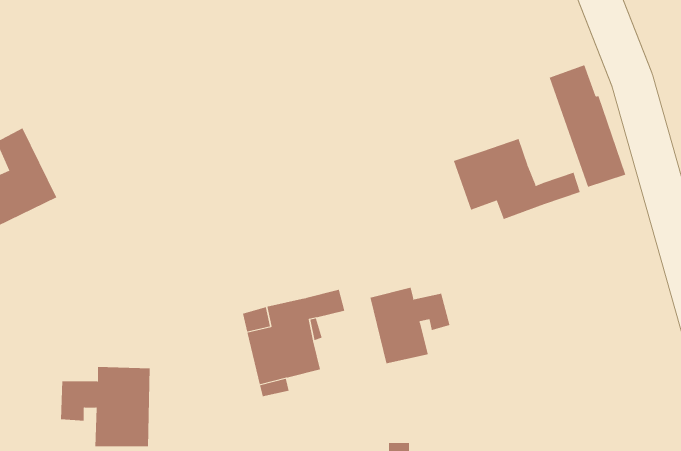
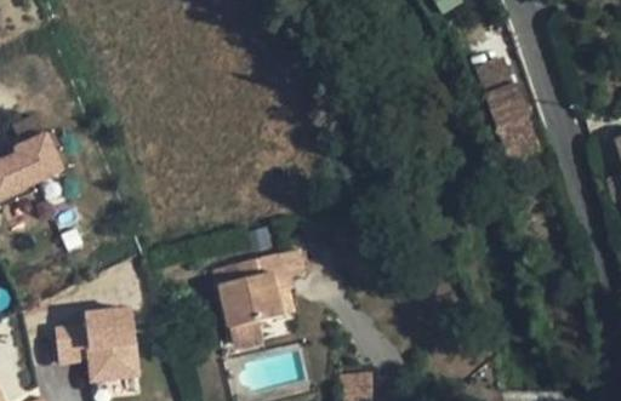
building: [453,138,581,220] -> none
building: [370,287,450,364] -> none

